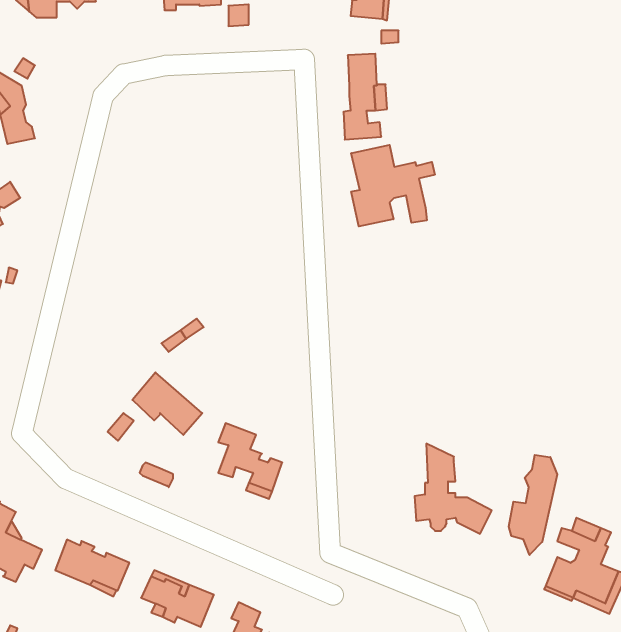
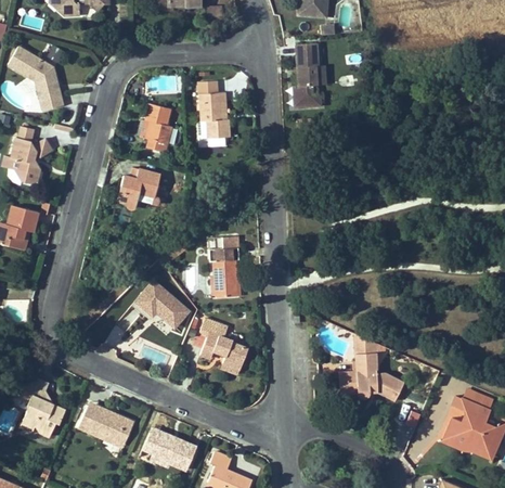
building: none -> [197,80,230,138]
building: none -> [140,103,172,151]
building: [351,145,435,226] -> none
building: none -> [117,168,160,208]
building: none -> [212,235,238,297]
building: [509,455,557,555] -> none

